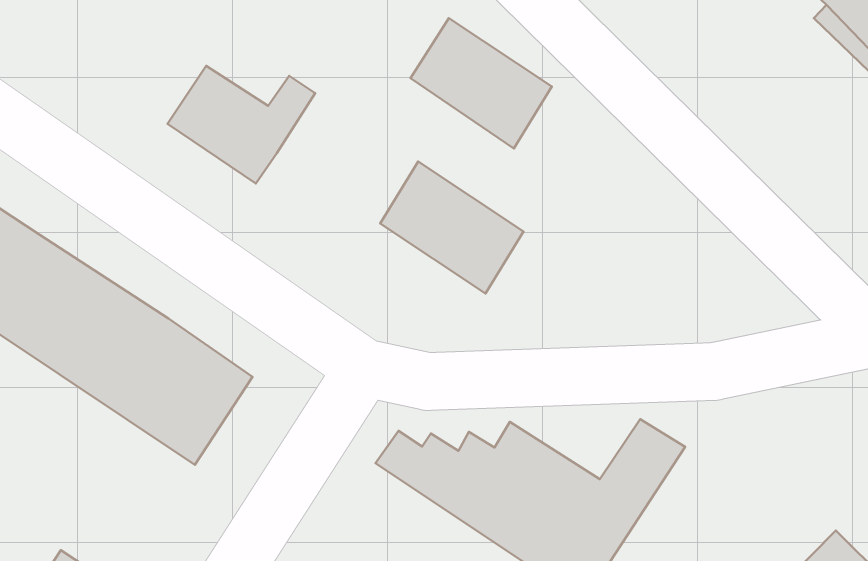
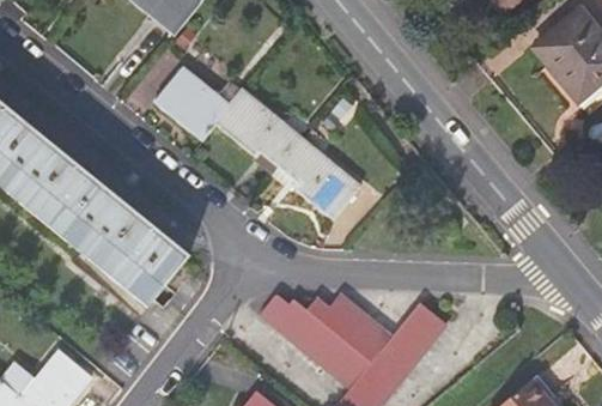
building: [410,18,552,148] -> [218,90,302,171]

